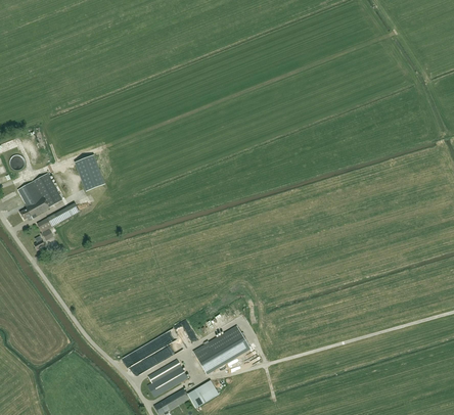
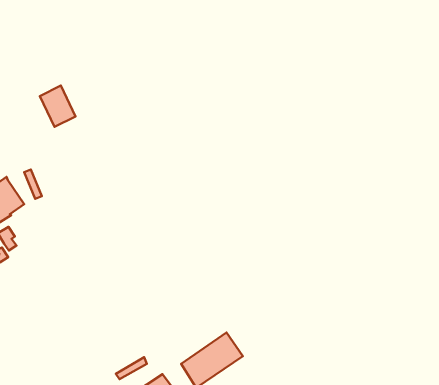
building: [75,154,105,191] -> [40,86,75,127]

